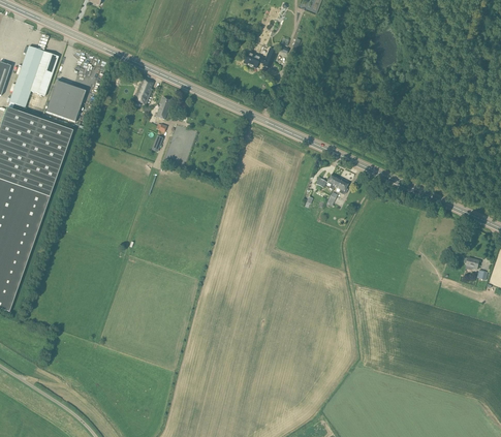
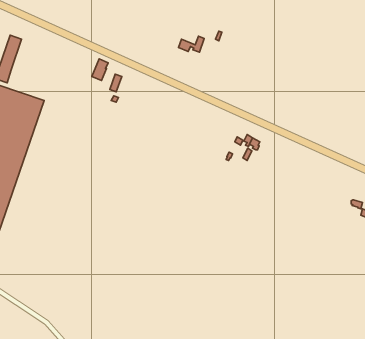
building: [30,51,59,95] -> none
building: [45,80,86,121] -> none

